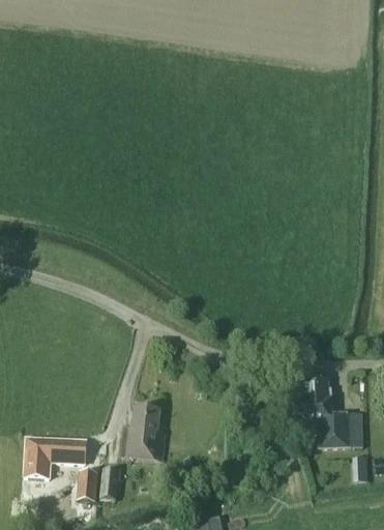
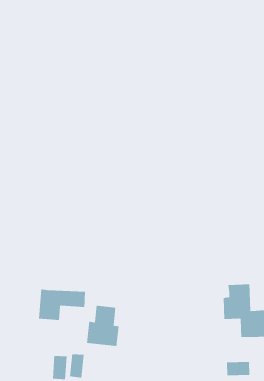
building: [23,438,84,478] -> [38,289,86,321]
building: none -> [226,361,250,376]

